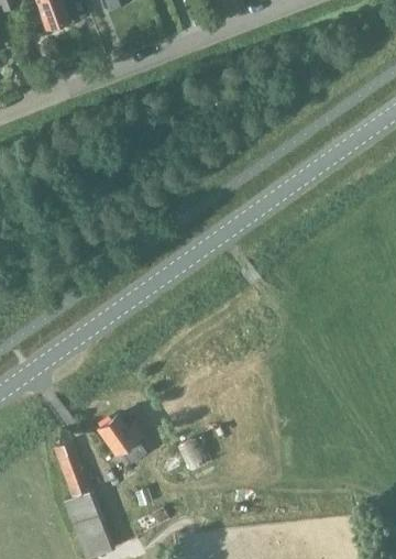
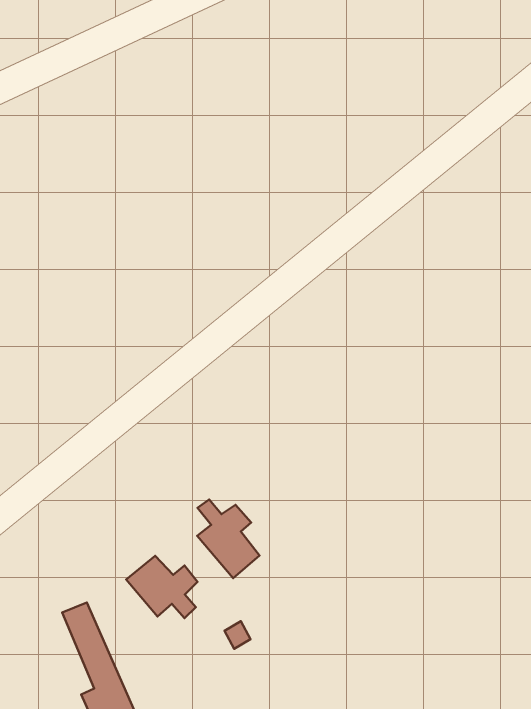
building: none -> [197,499,259,578]

